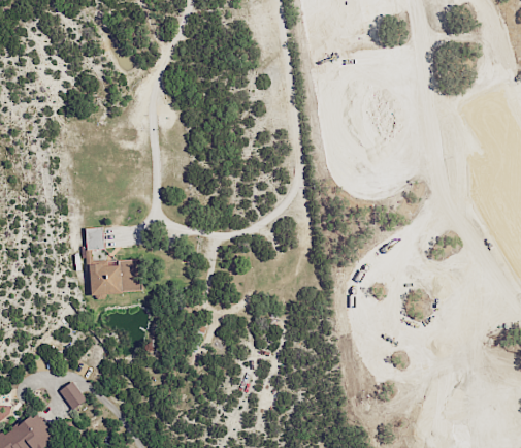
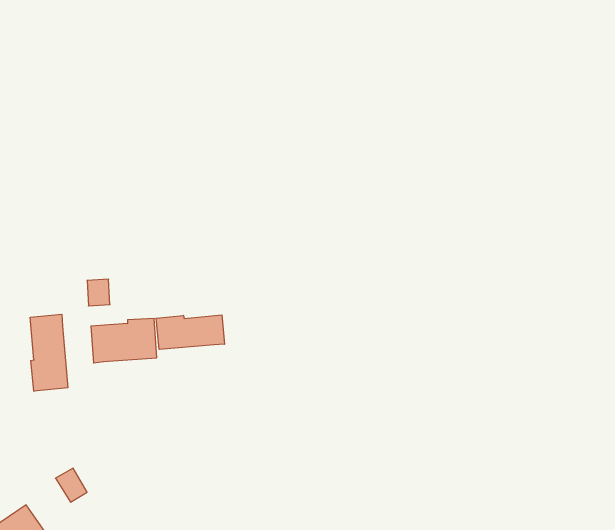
building: none -> [30,314,68,391]
building: none -> [156,315,225,349]

